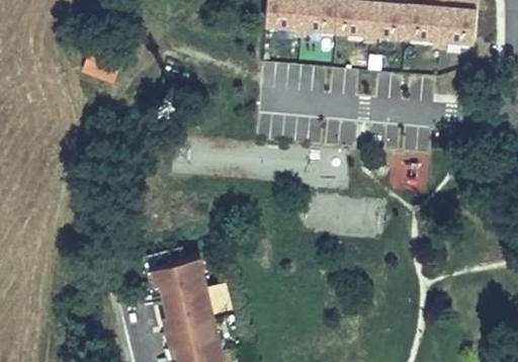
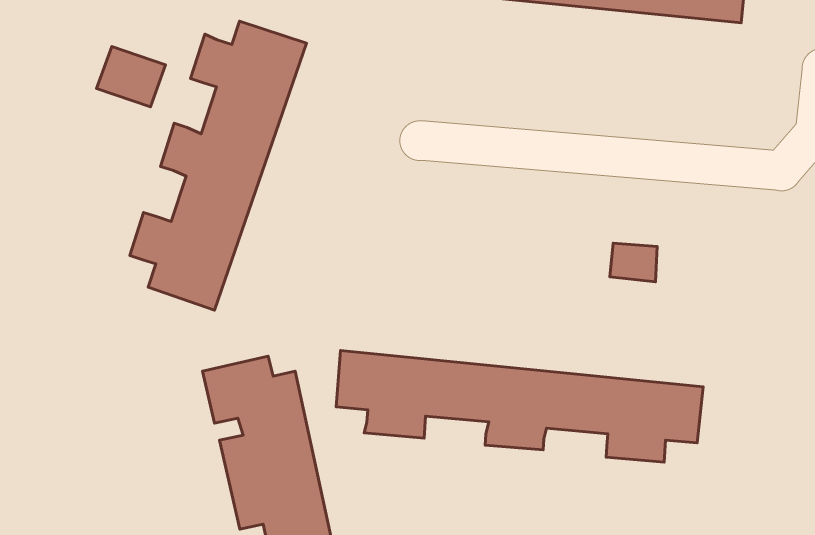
building: none -> [130,21,307,310]
building: none -> [336,351,703,462]

